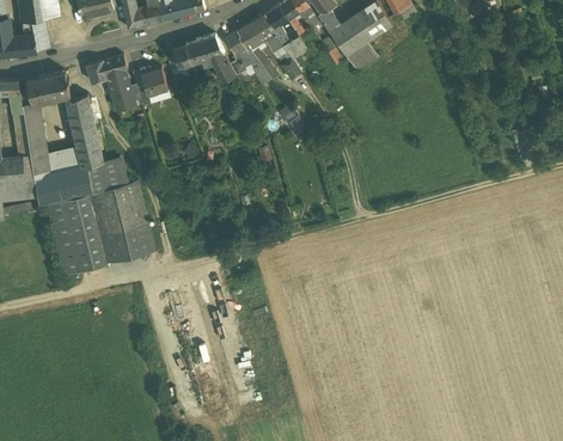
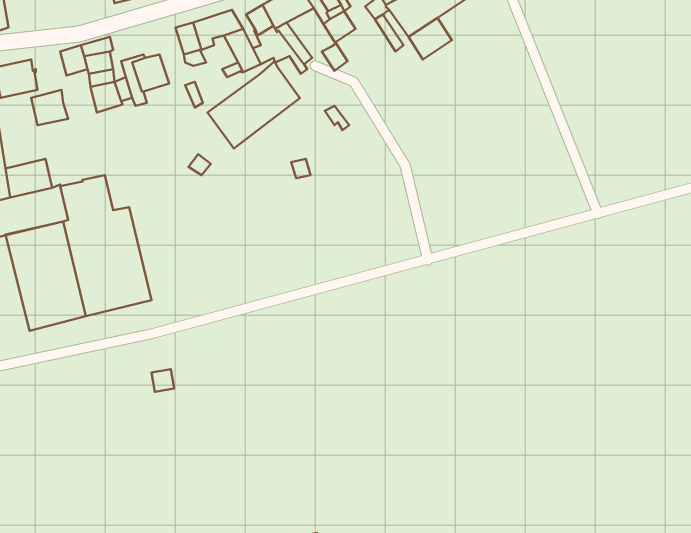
building: none -> [207,62,300,148]
building: [69,116,103,167] -> none

